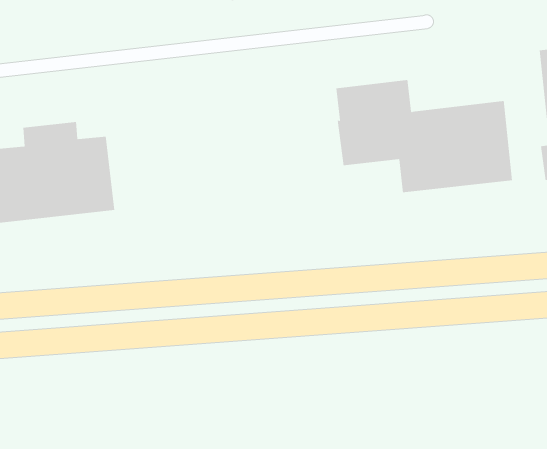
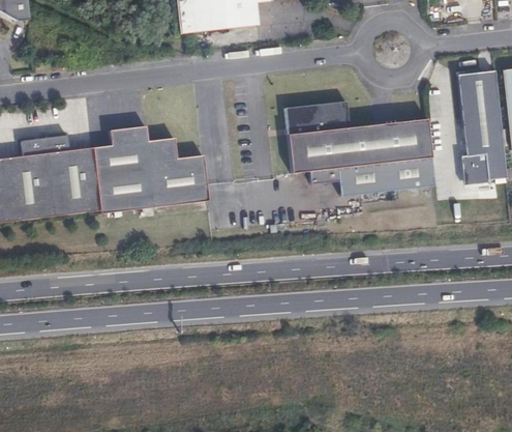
building: none -> [93,125,209,213]

